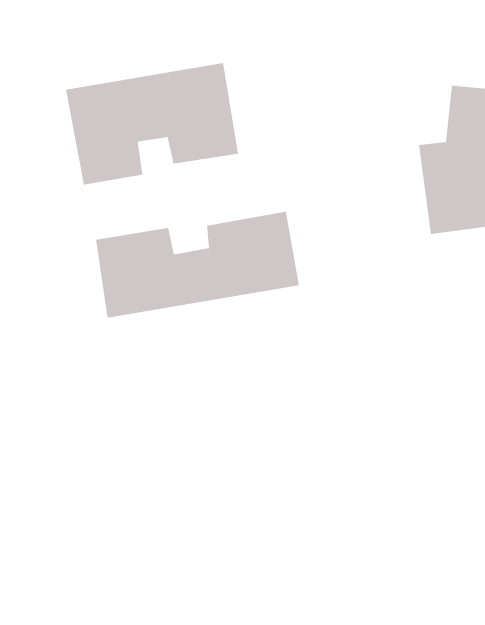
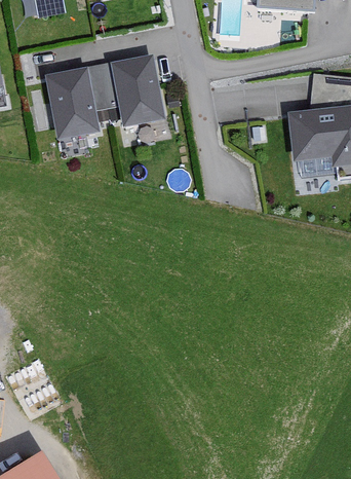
building: [96,211,299,318] -> none

